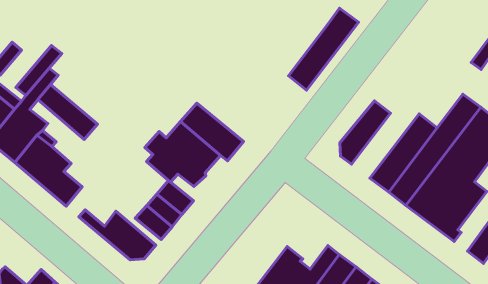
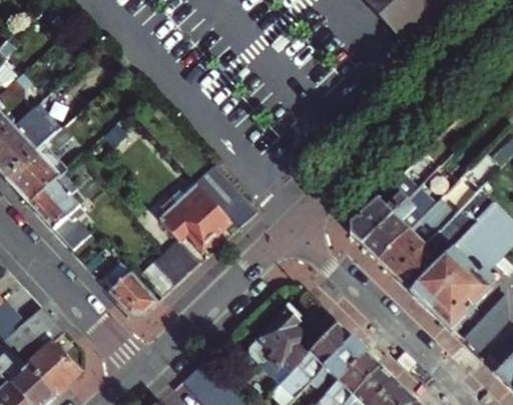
building: [288,8,359,90] -> [359,180,434,257]
building: [38,84,98,139] -> none

